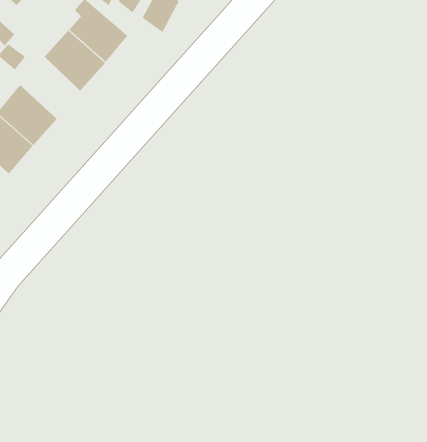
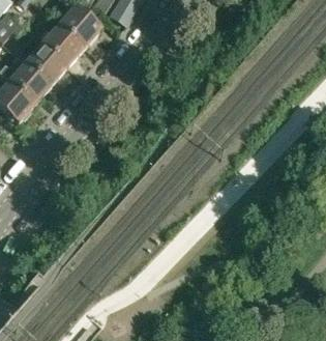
building: none -> [25,41,66,84]

